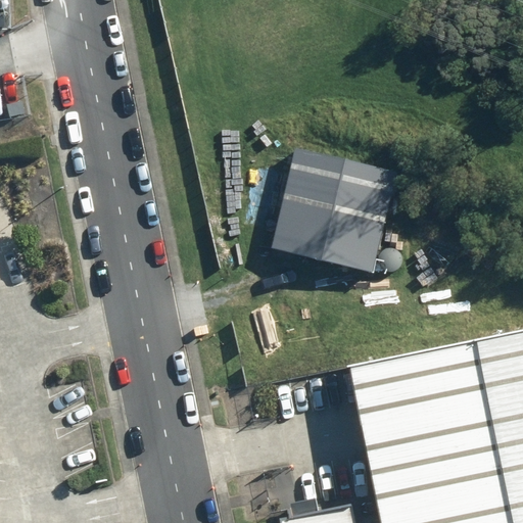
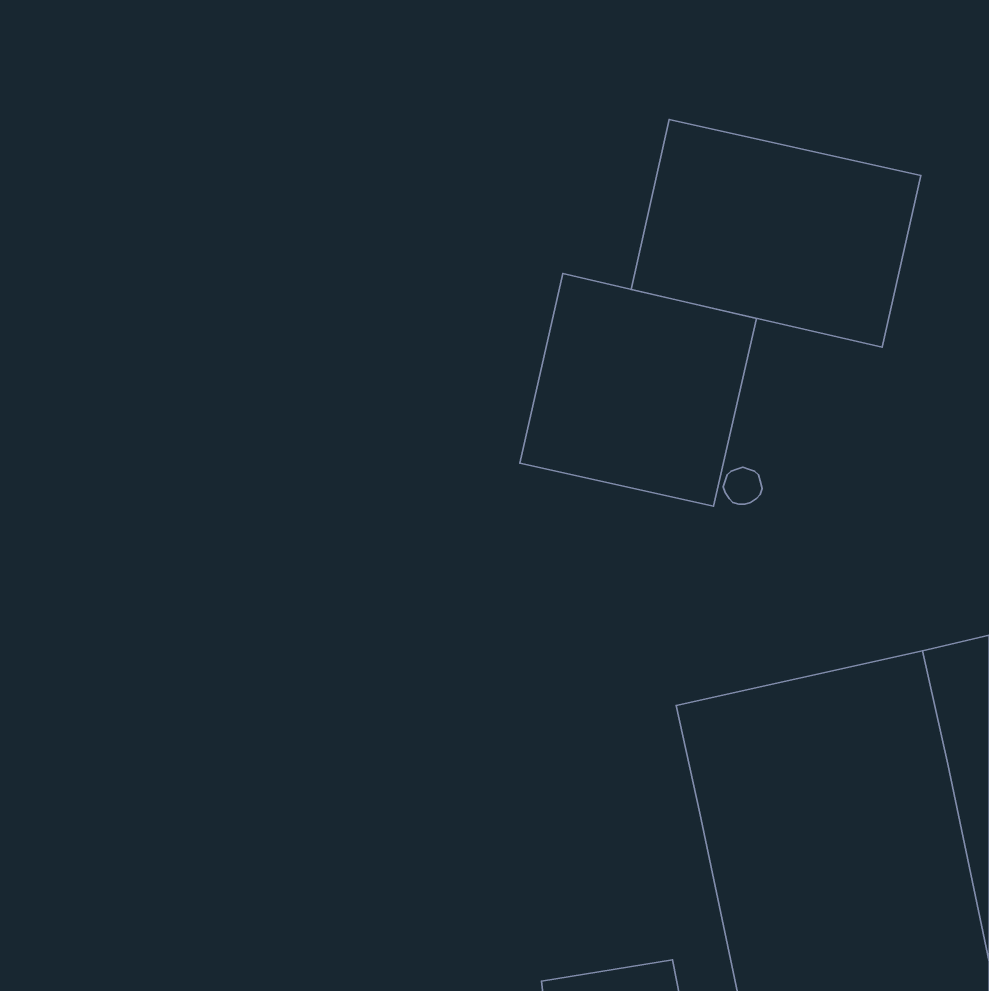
building: none -> [631,119,921,347]

